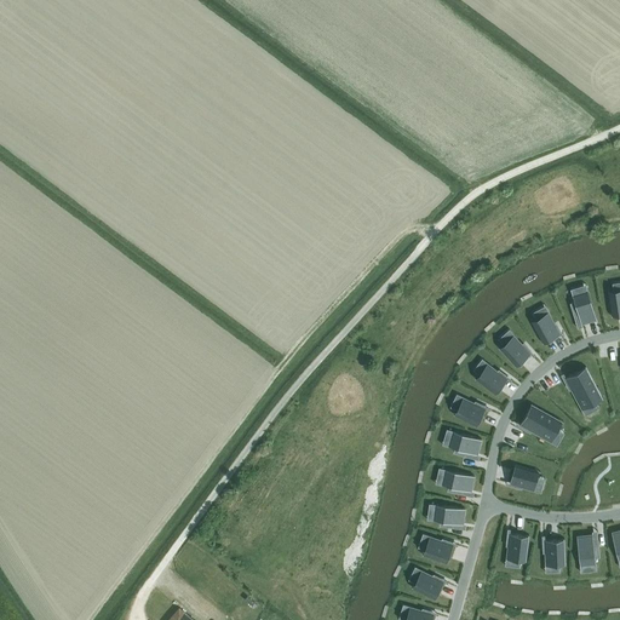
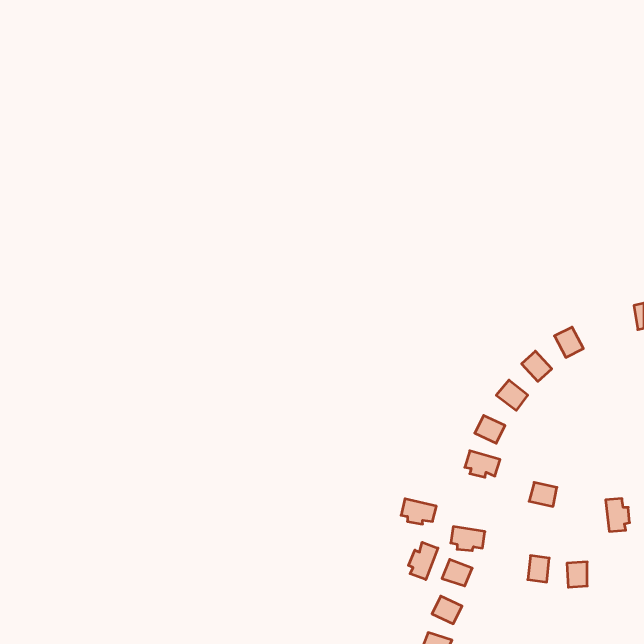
building: [568,292,593,326] -> none
building: [568,367,602,407] -> none
building: [522,400,563,437] -> none
building: [440,470,473,494] -> [401,499,436,524]
building: none -> [408,542,438,580]
building: [578,535,601,567] -> [606,499,630,531]

